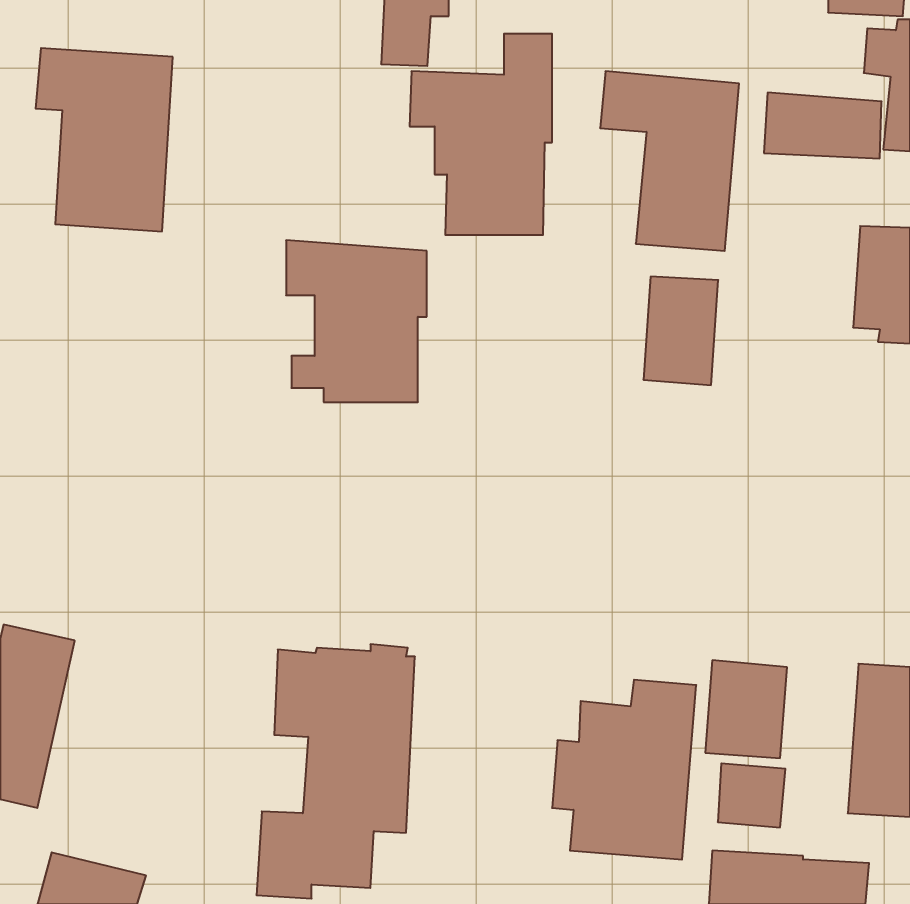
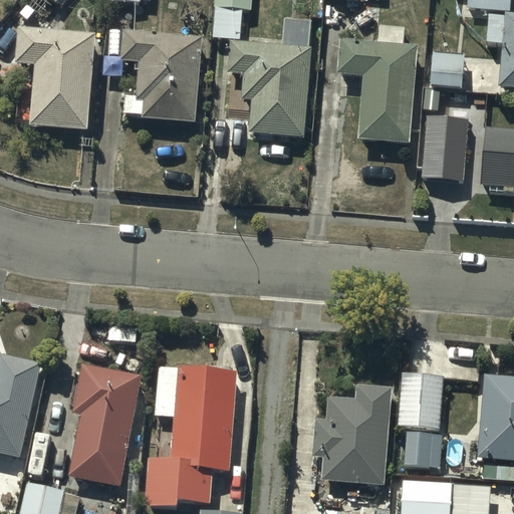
building: [286,240,427,402] -> [123,29,203,120]
building: [643,277,718,385] -> [425,119,467,181]
building: none -> [71,363,140,485]

